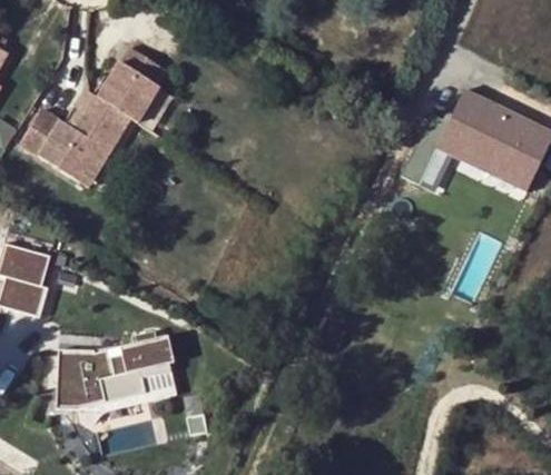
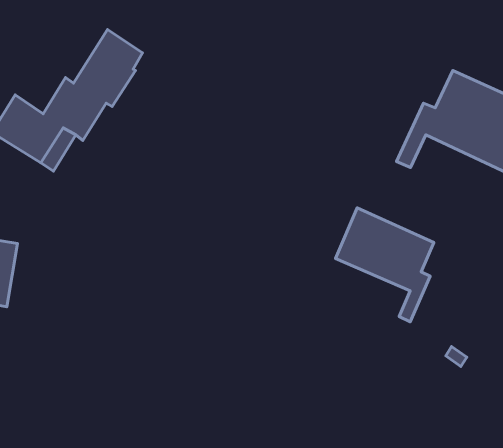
building: none -> [335,208,434,322]
building: [52,333,180,416] -> none

